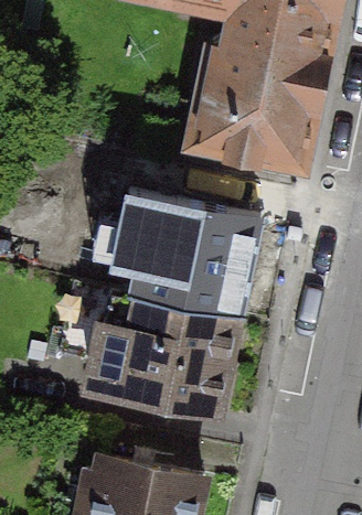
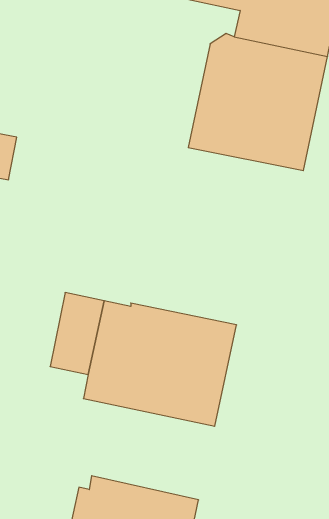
building: [115,196,254,318] -> none

